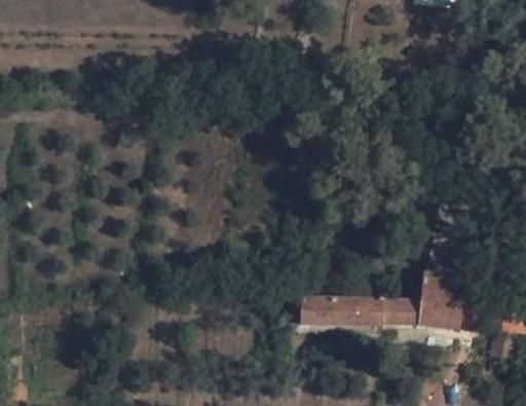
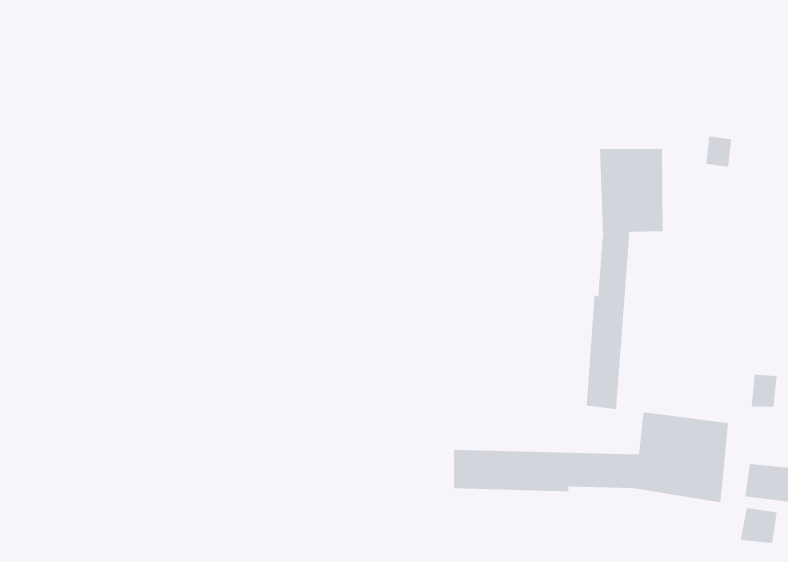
building: none -> [586,148,663,410]

